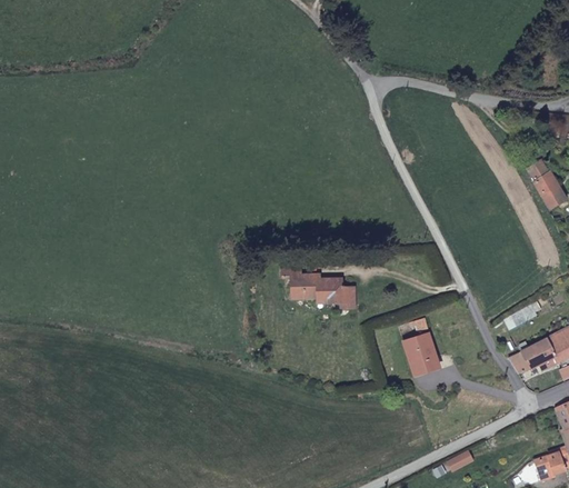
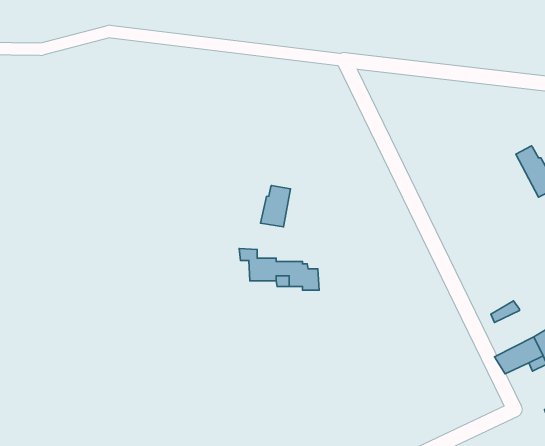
building: none -> [261,185,290,227]
building: [408,336,440,375] -> none

